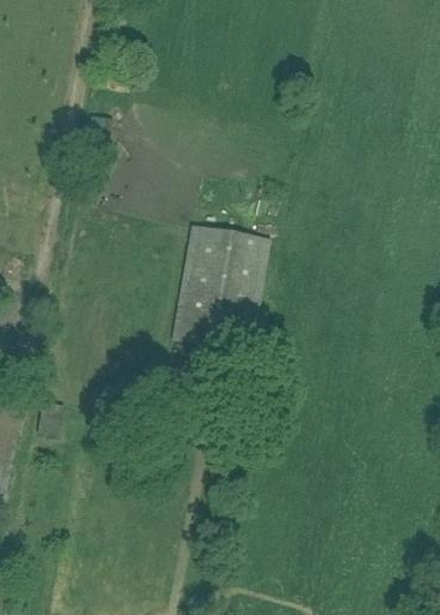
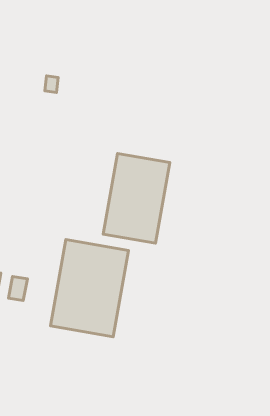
building: none -> [51,239,128,337]

